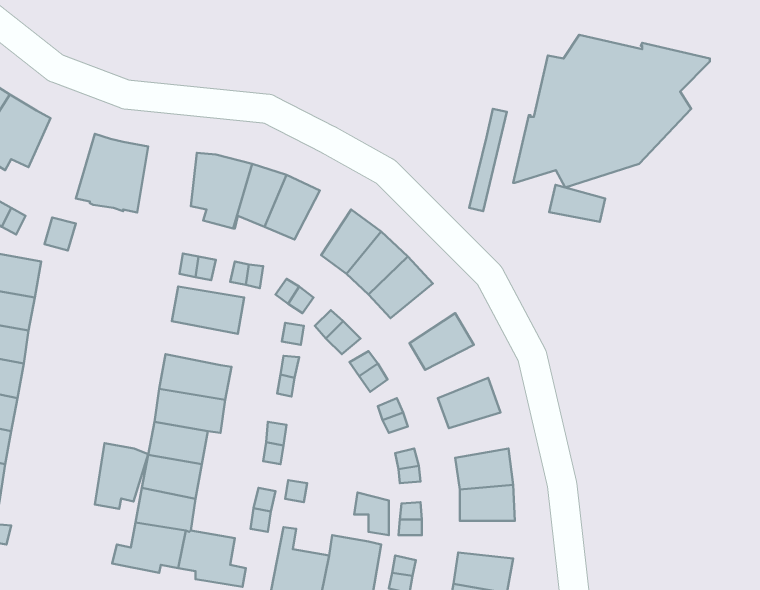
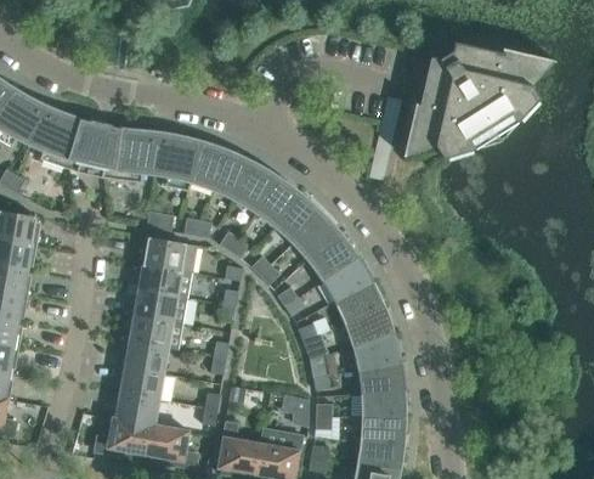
building: none -> [29,106,80,168]
building: none -> [113,128,159,181]
building: [549,185,605,222] -> none
building: none -> [234,162,278,212]
building: none -> [309,233,358,280]
building: none -> [135,263,191,298]
building: none -> [335,281,384,322]
building: none -> [353,333,400,368]
building: [95,443,148,509] -> none
building: none -> [361,417,405,446]

